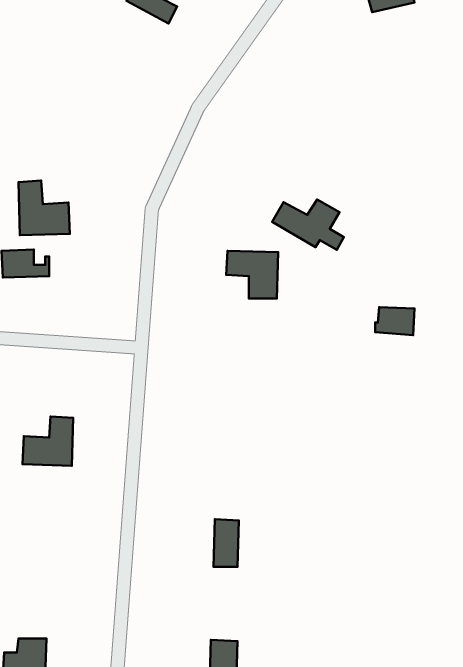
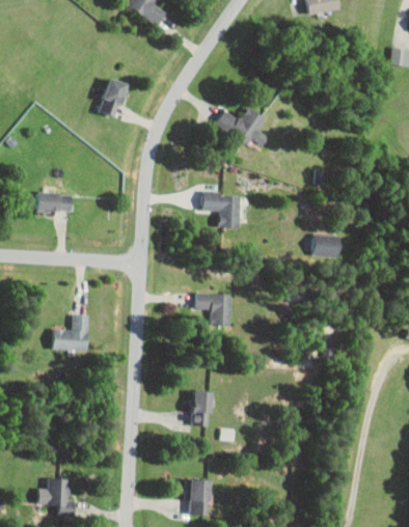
building: none -> [98,77,128,117]
building: [18,181,70,235] -> none
building: [272,199,344,250] -> [215,108,268,145]
building: none -> [195,293,230,326]

